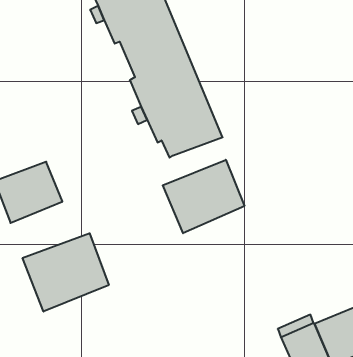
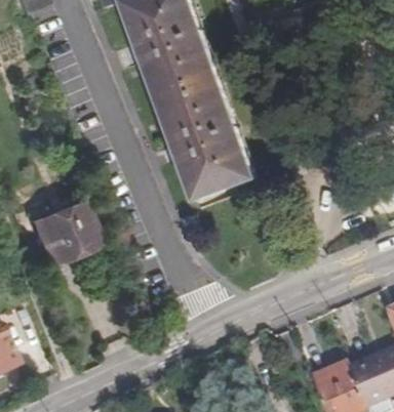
building: [163,160,244,233] -> none
building: [23,233,109,312] -> none

